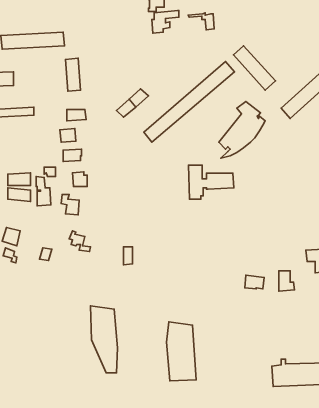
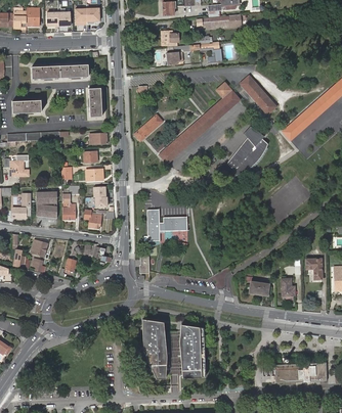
building: [189,165,234,199] -> [146,210,187,240]
building: [90,306,118,373] -> [142,320,167,380]

